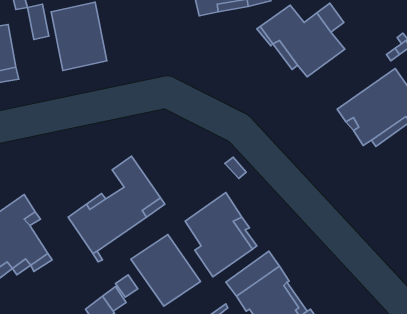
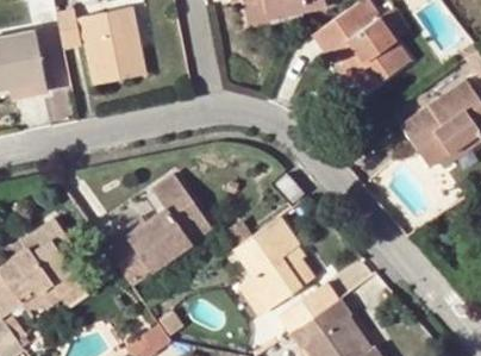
building: [131,235,201,306] -> none

